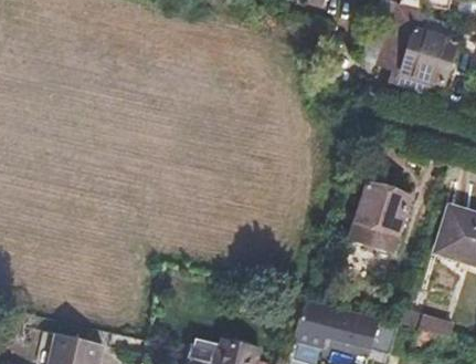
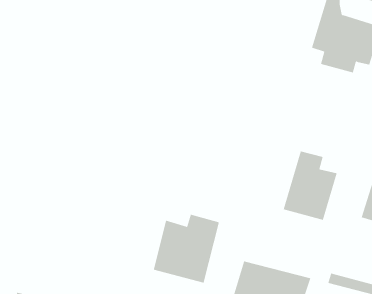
building: none -> [153,214,219,284]

